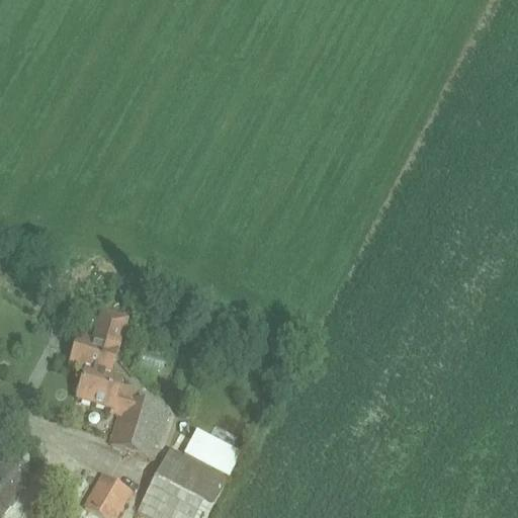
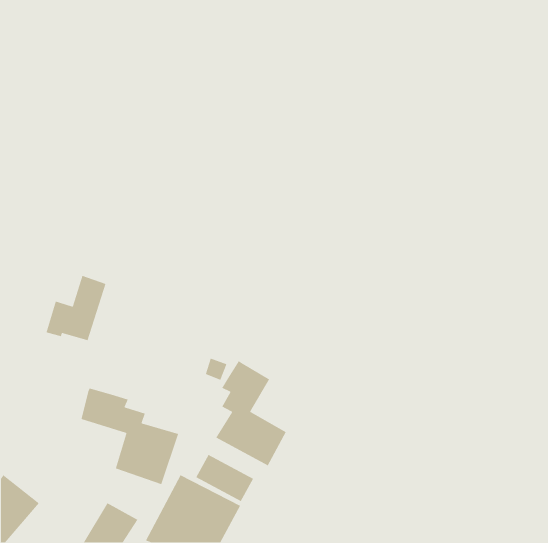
building: [68,310,125,372] -> [45,275,106,341]
building: none -> [215,360,287,466]

